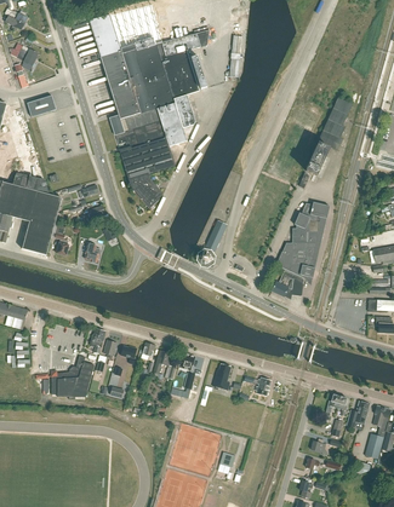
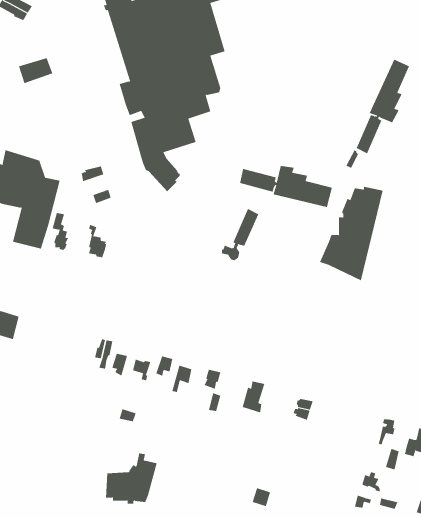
building: none -> [240,165,332,208]
building: [272,270,304,298] -> none
building: [51,356,95,398] -> [105,453,158,504]

